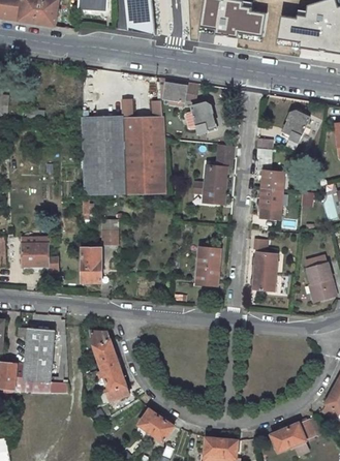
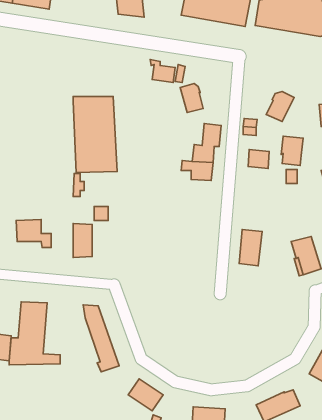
building: [121,99,164,194] -> none
building: [259,188,282,218] -> [281,136,303,165]
building: [195,247,219,285] -> none

